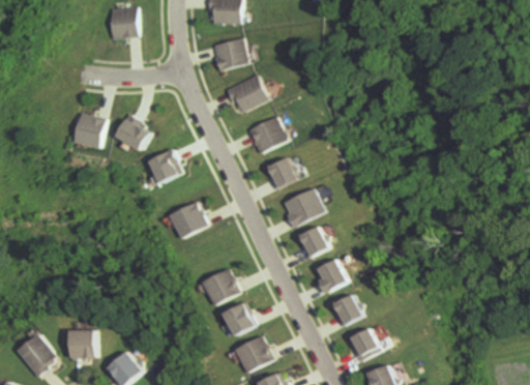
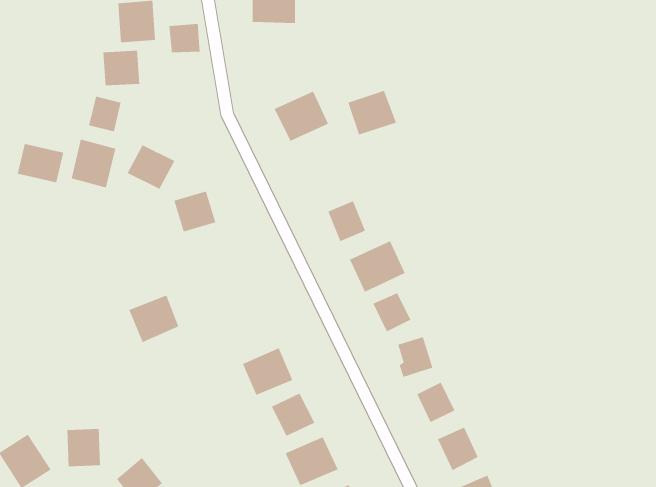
building: none -> [169,23,200,53]
building: [213,37,248,69] -> none
building: none -> [103,50,140,86]
building: none -> [89,96,121,132]
building: none -> [17,143,64,183]
building: [247,117,285,151] -> [348,90,397,135]
building: [168,202,206,238] -> [128,295,179,343]

